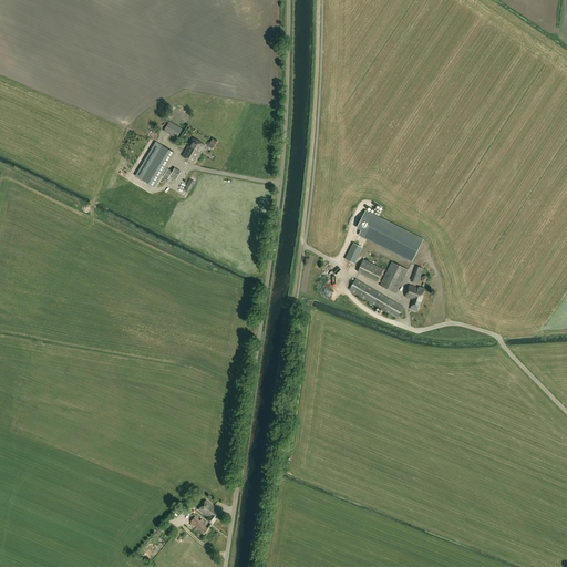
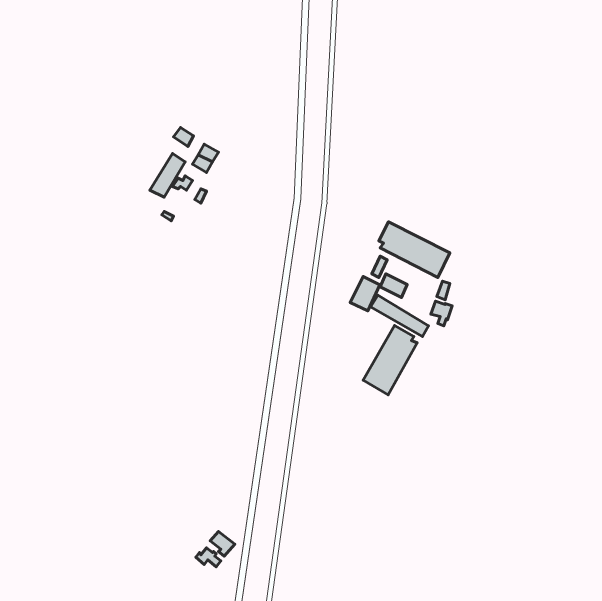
building: [379,259,406,291] -> [350,277,380,311]
building: none -> [363,325,417,395]

